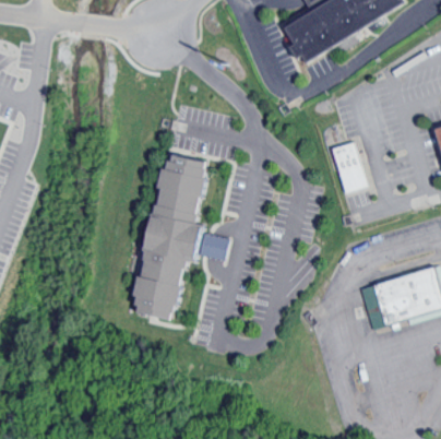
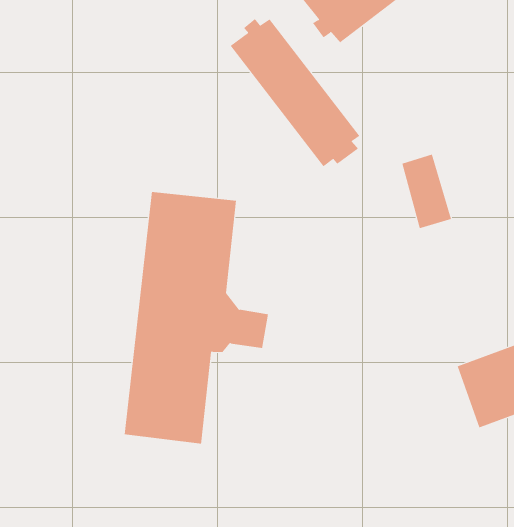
building: none -> [230,18,360,167]

